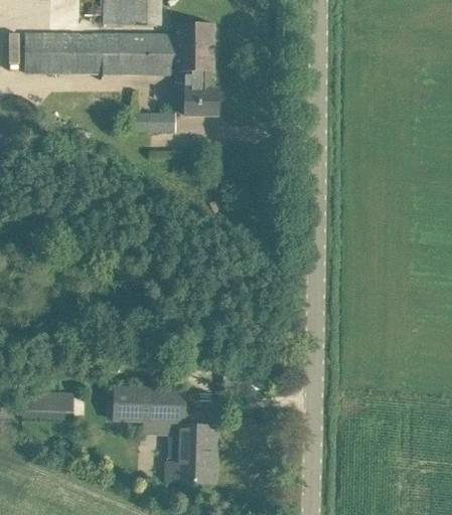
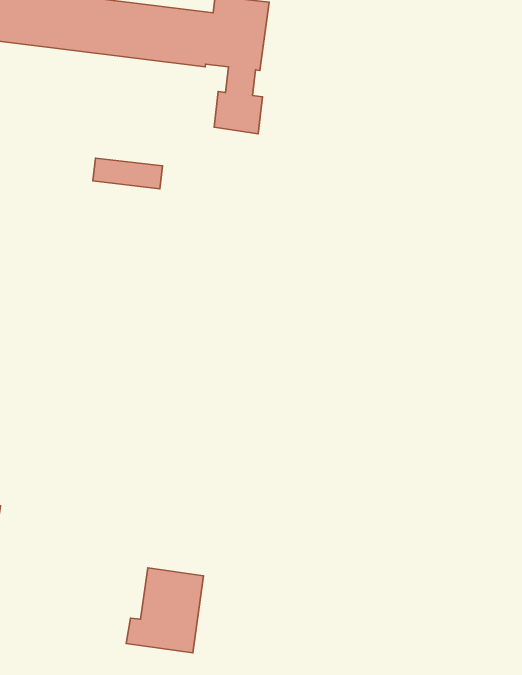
building: [128,114,175,130] -> [93,158,163,189]
building: [115,387,185,421] -> none

